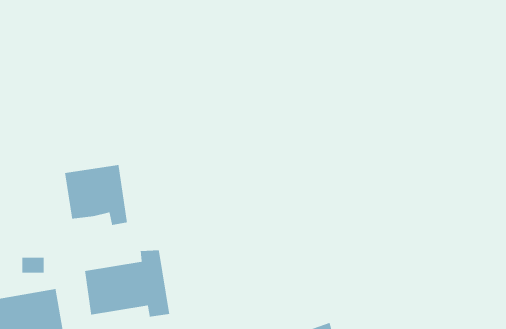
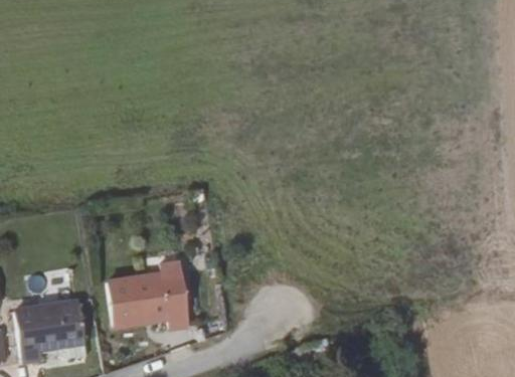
building: [64,164,128,226] -> none

